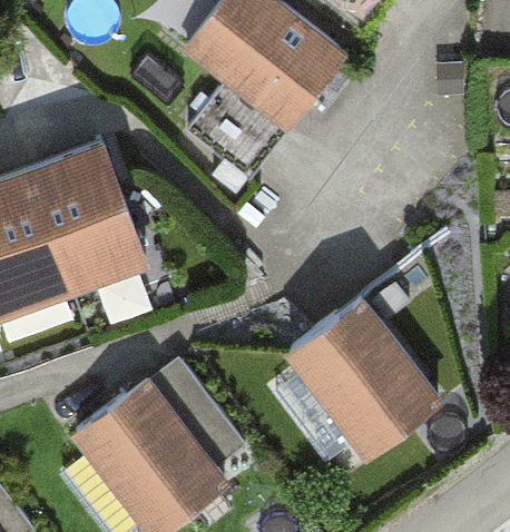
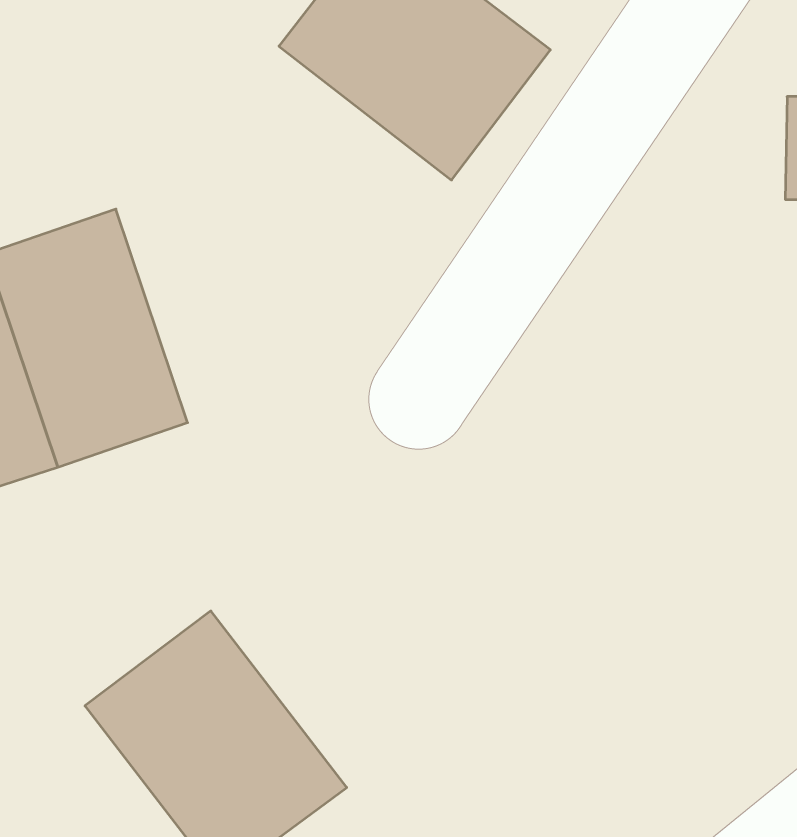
building: [290,302,441,459] -> none

